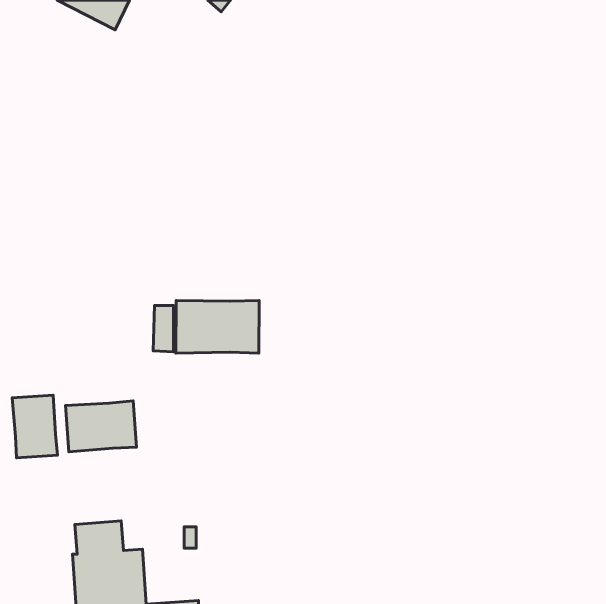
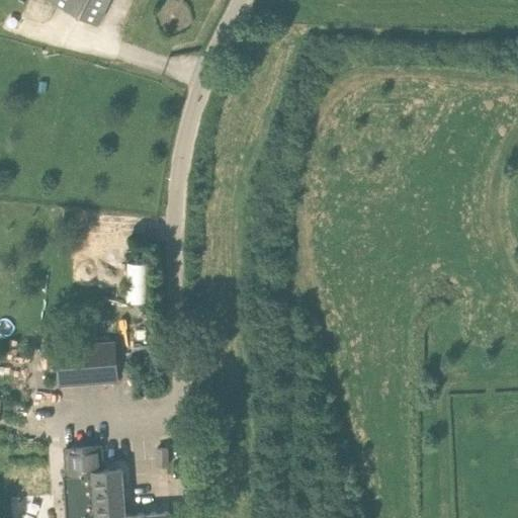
building: [176,300,259,353] -> none
building: [12,395,58,458] -> none

